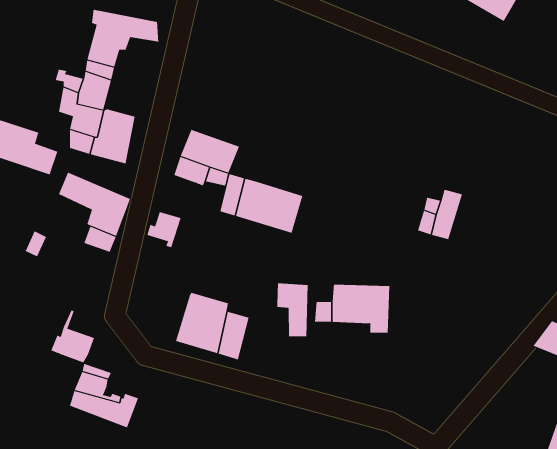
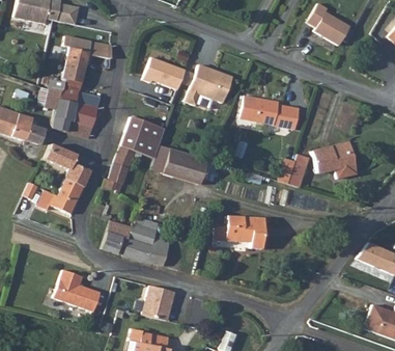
building: none -> [146,58,188,90]
building: none -> [192,66,235,105]
building: none -> [243,97,302,131]
building: none -> [313,143,358,180]
building: none -> [112,146,136,174]
building: [277,282,308,337] -> none
building: none -> [103,220,132,255]
building: [51,309,95,363] -> [51,179,80,214]
building: none -> [143,287,175,322]

